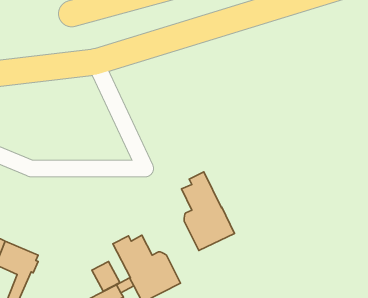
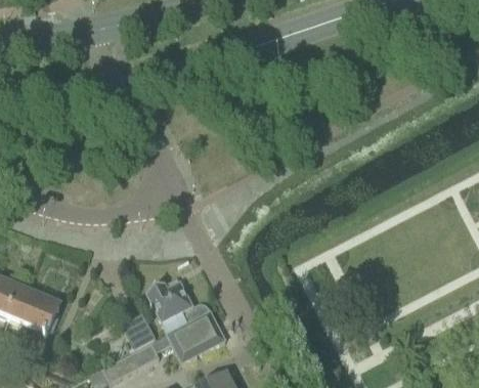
building: [181,172,234,251] -> none

